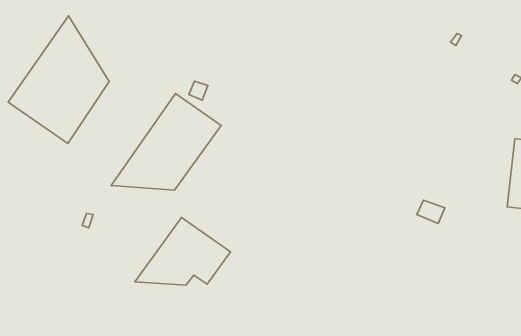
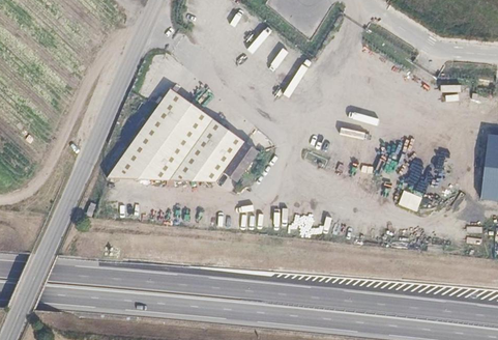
building: [8,16,109,143] -> none
building: [135,218,230,285] -> [170,119,259,182]

